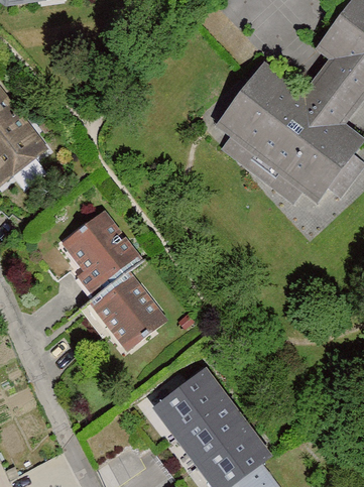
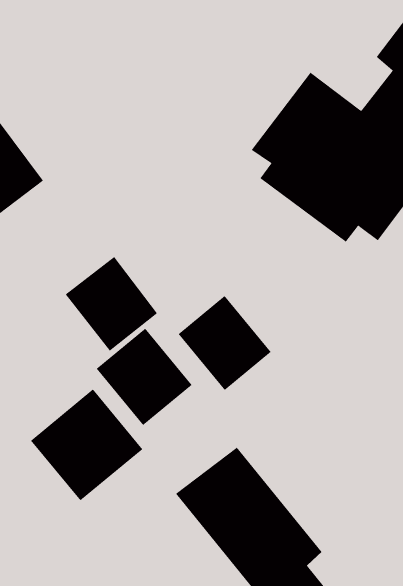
building: none -> [178,295,272,391]
building: none -> [30,389,143,501]

